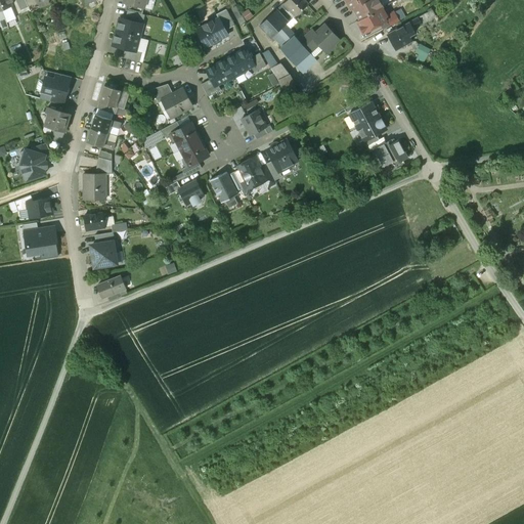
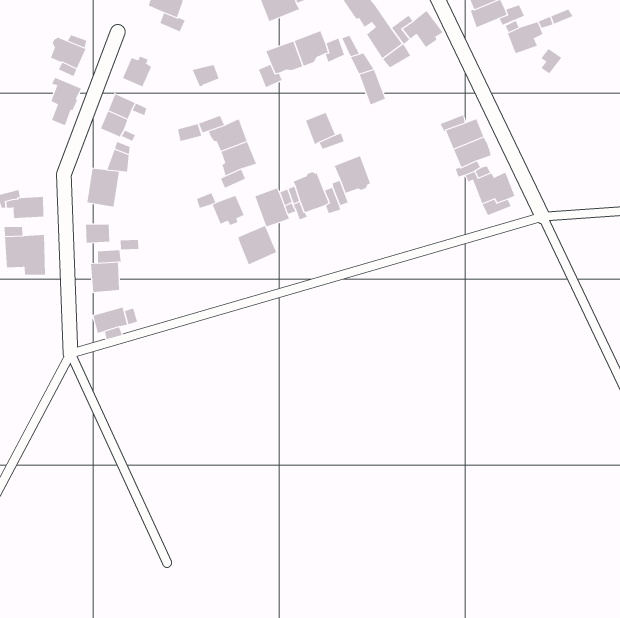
building: [162,90,191,118] -> none
building: [20,142,52,180] -> none
building: none -> [238,225,277,265]

